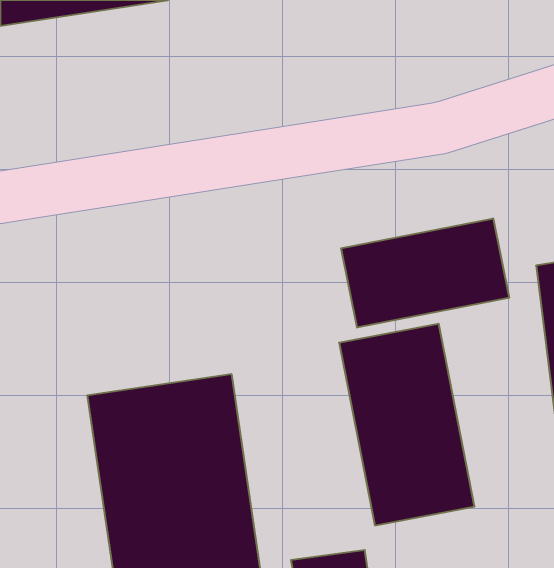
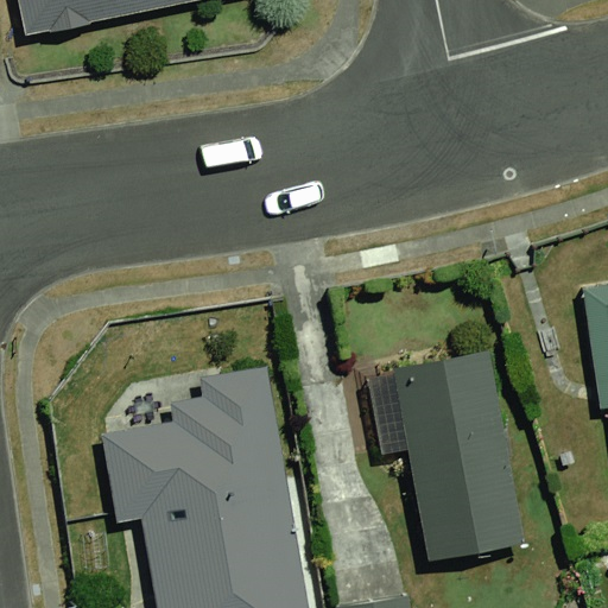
building: [341,218,509,328] -> none

